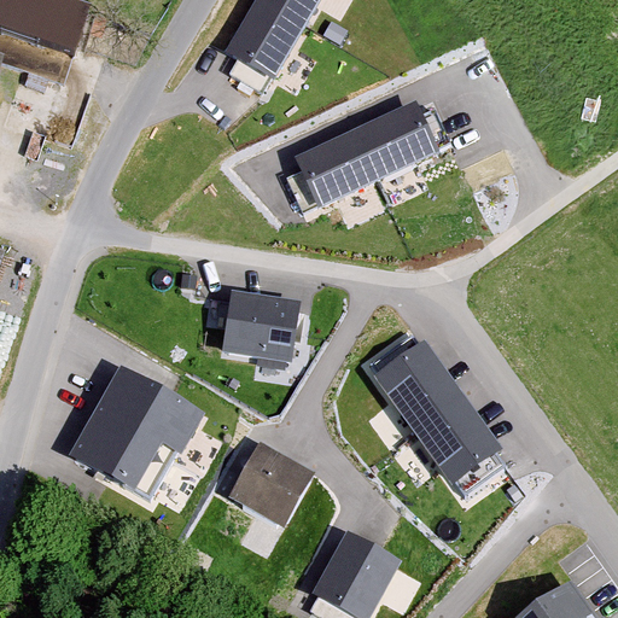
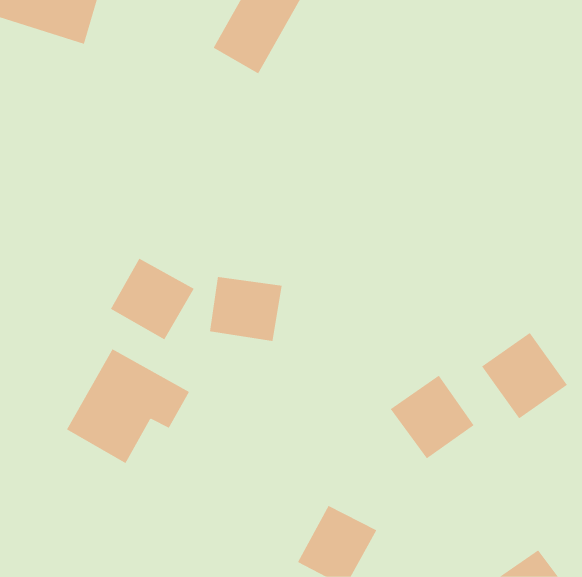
building: [293,100,437,206] -> none
building: none -> [110,258,195,340]
building: [372,340,464,432] -> [481,332,568,419]
building: [227,443,311,525] -> none

